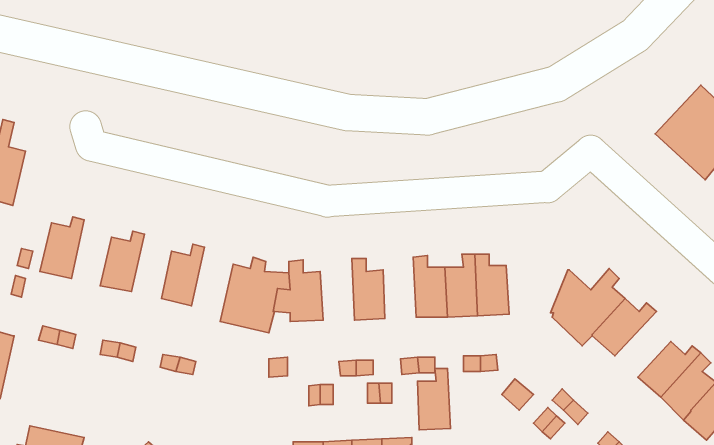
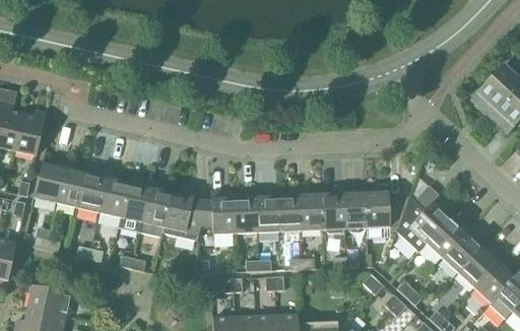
building: none -> [14,110,45,155]
building: none -> [55,161,84,217]
building: none -> [99,172,127,217]
building: none -> [140,181,171,239]
building: none -> [365,185,408,228]
building: none -> [233,189,257,233]
building: none -> [442,226,481,273]
building: [418,368,450,430] -> [277,188,301,231]
building: none -> [22,285,70,316]

